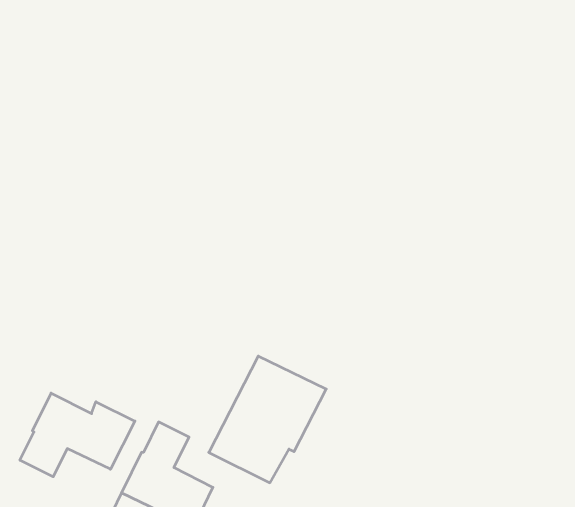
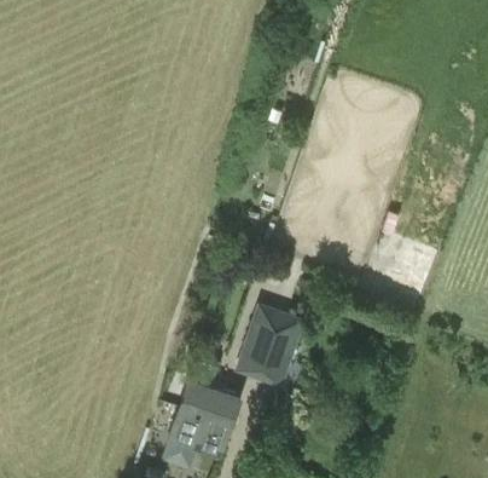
building: [20,393,135,477] -> none

